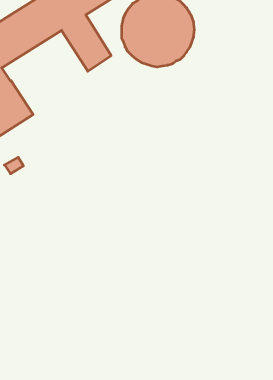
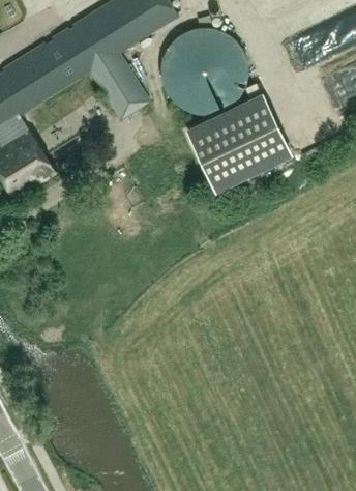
building: none -> [188,96,291,189]

